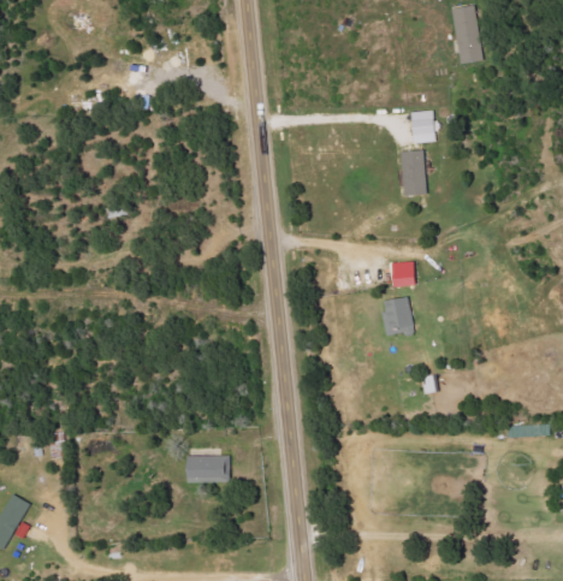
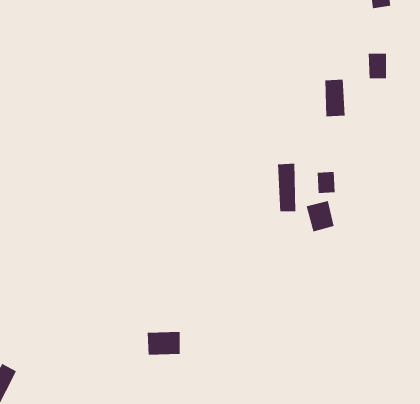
building: [411,111,434,142] -> [368,53,387,79]
building: none -> [278,163,296,212]

